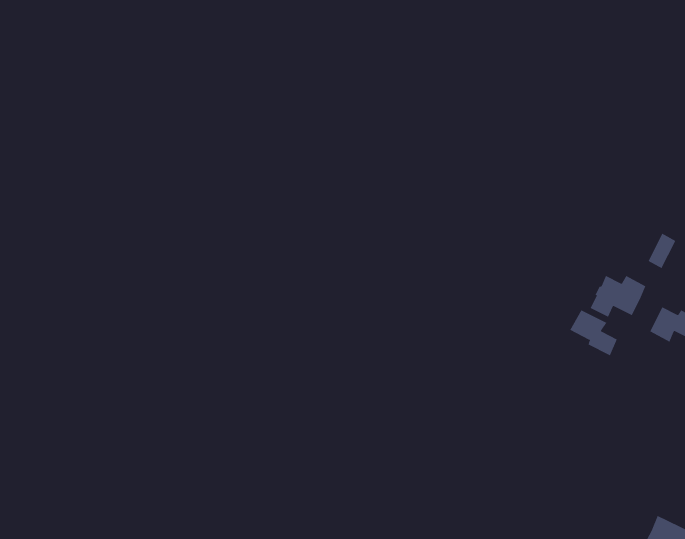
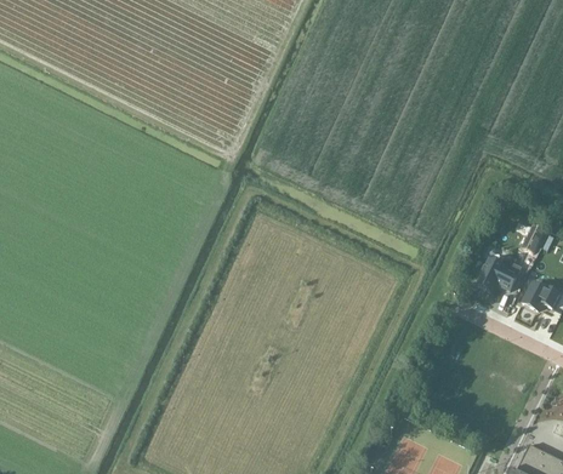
building: [569,309,617,356] -> none

